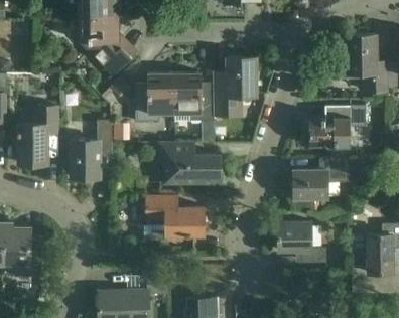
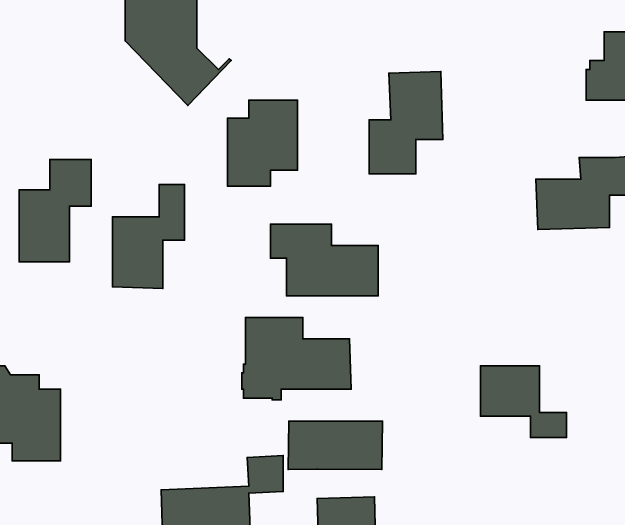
building: [174,73,214,122] -> none
building: [293,157,349,198] -> none
building: none -> [288,421,382,470]

